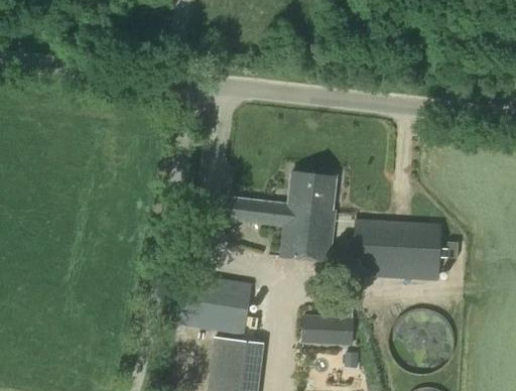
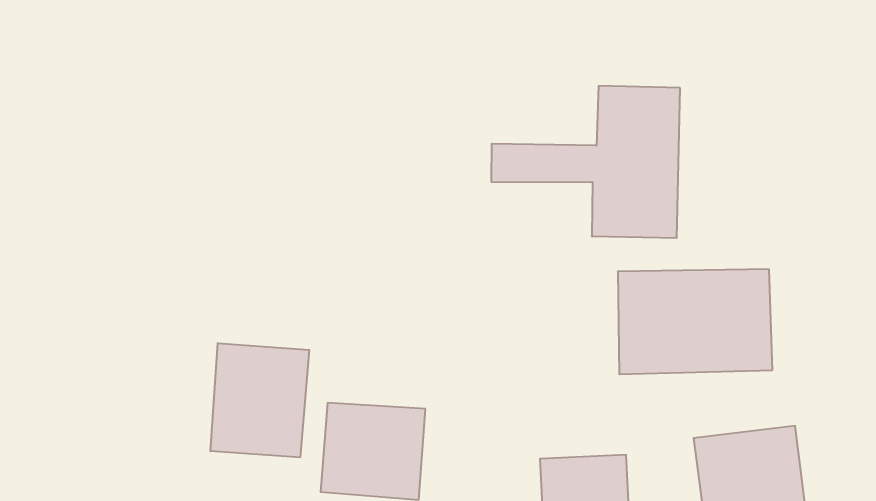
building: [228,170,338,259] -> [491,86,680,238]
building: none -> [211,343,309,457]

